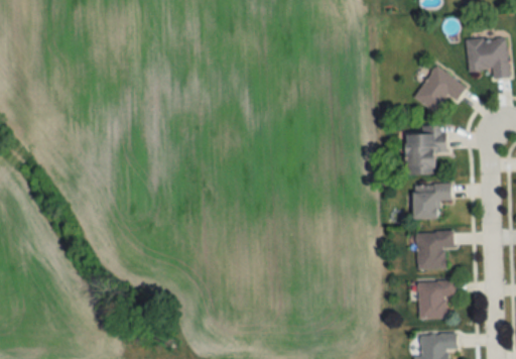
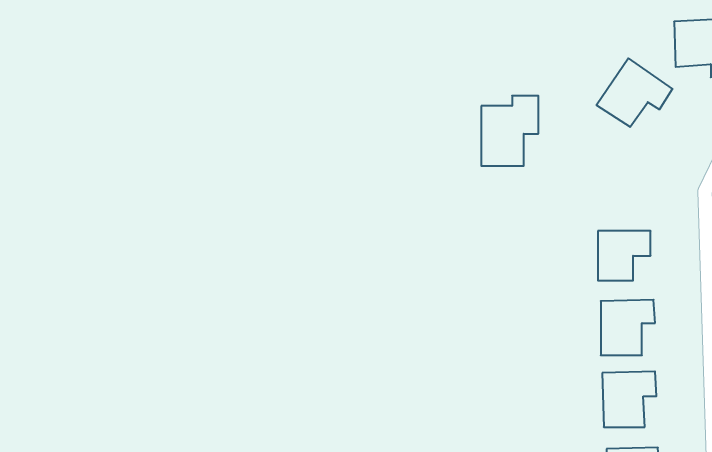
building: [406,125,445,173] -> [481,96,538,166]

